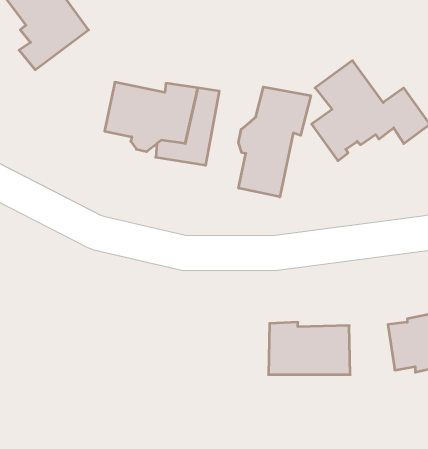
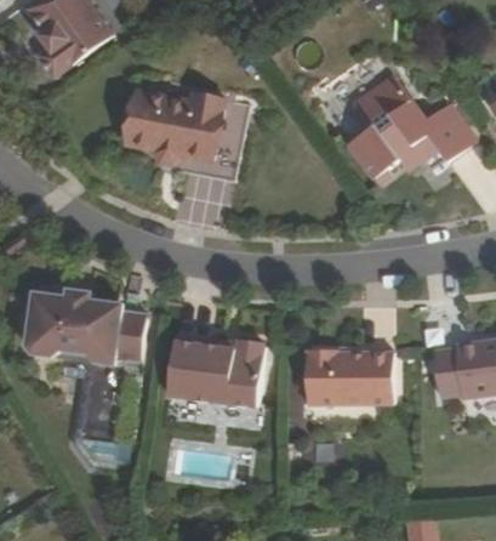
building: [238,87,311,197] -> none
building: none -> [27,290,136,355]
building: none -> [166,335,266,405]

